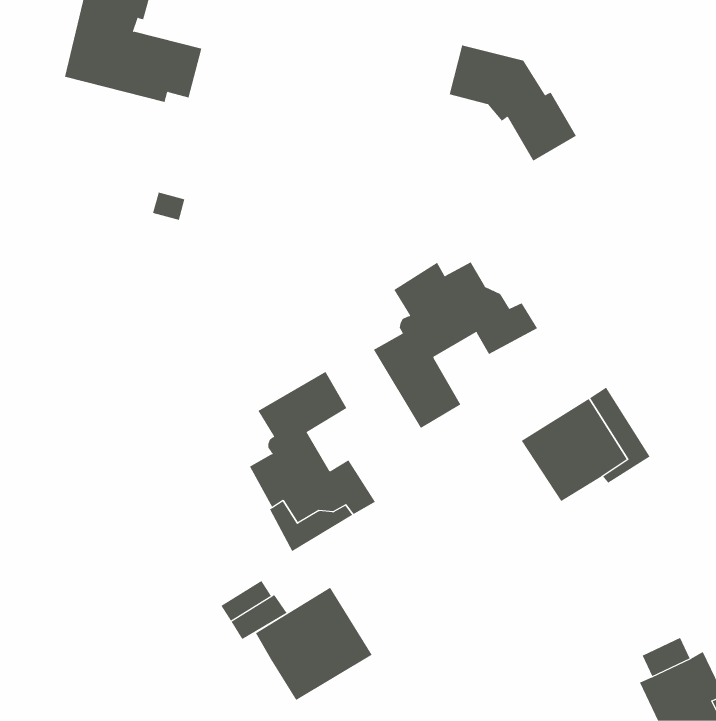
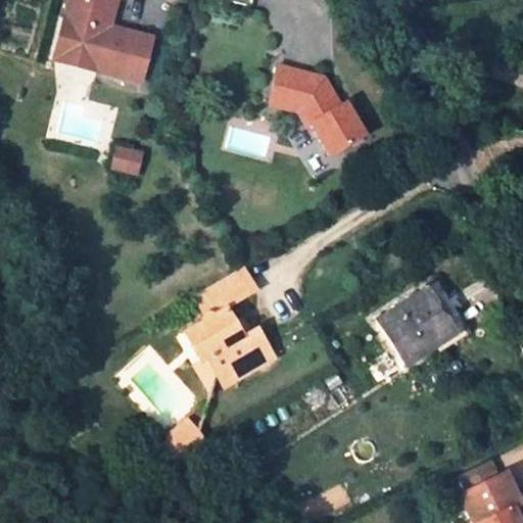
building: [449,45,577,161] -> [268,73,360,156]
building: [373,261,538,429] -> none
building: [255,587,372,701] -> none

